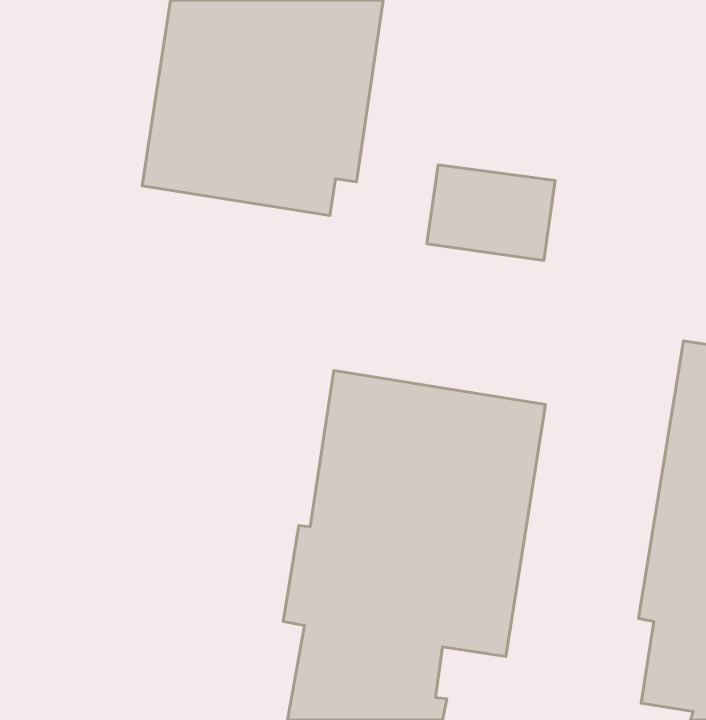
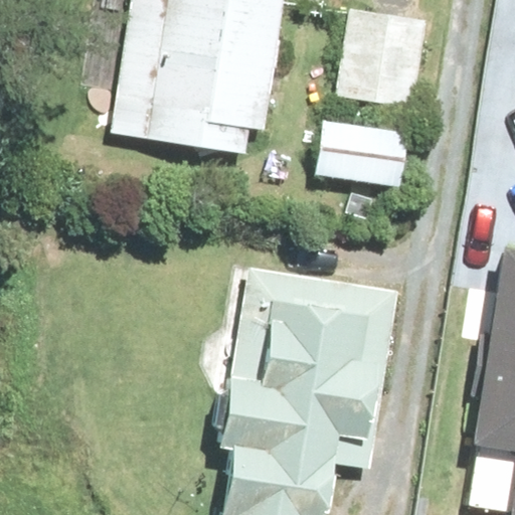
building: none -> [339,8,426,107]

